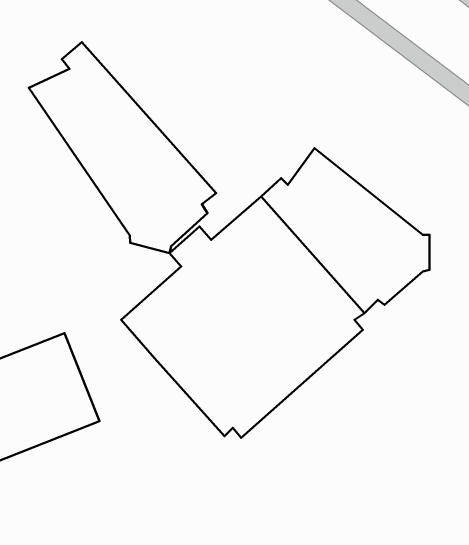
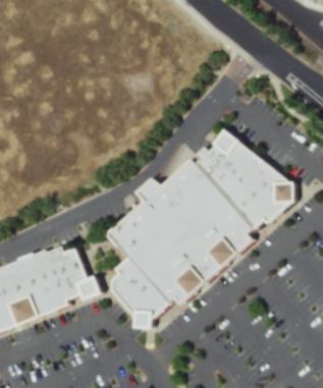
building: [29,42,216,253] -> none
building: none -> [112,257,171,330]

